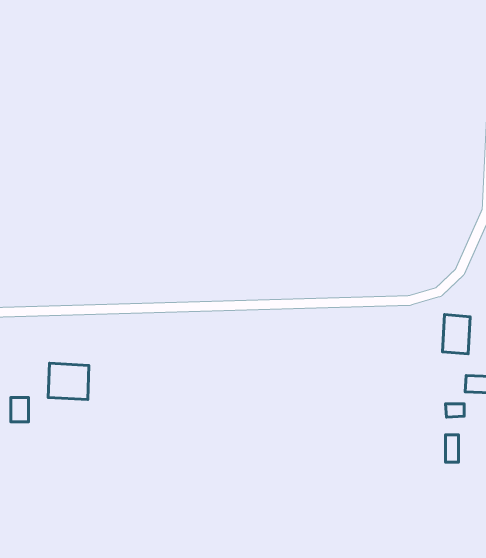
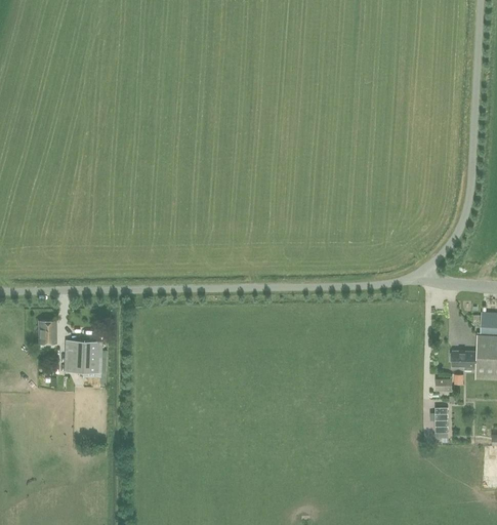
building: [443,315,470,354] -> none
building: [11,397,28,422] -> [38,320,54,342]

